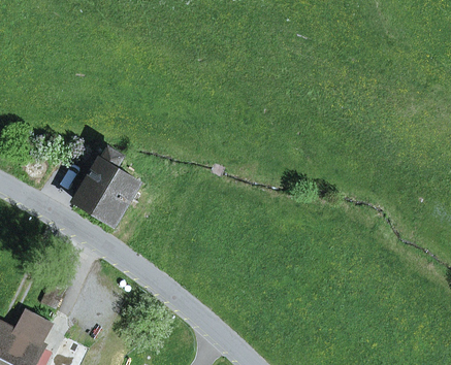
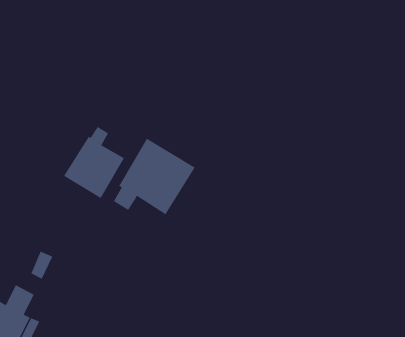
building: none -> [113,138,195,215]

